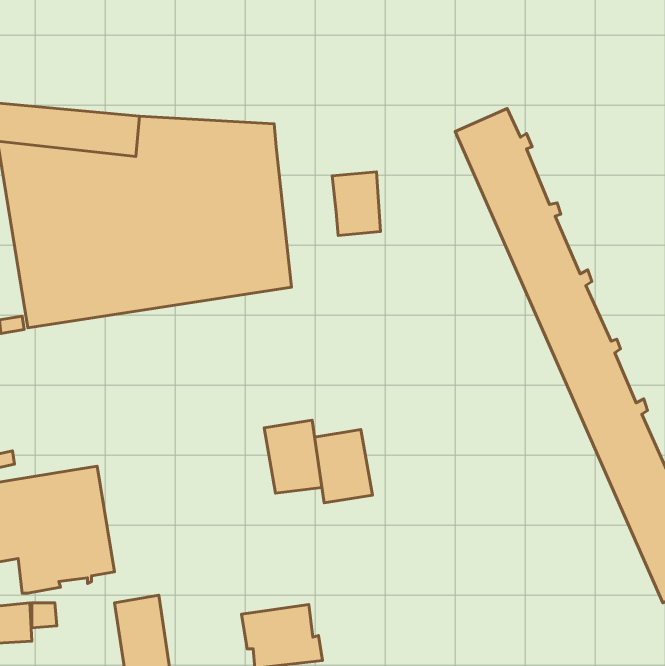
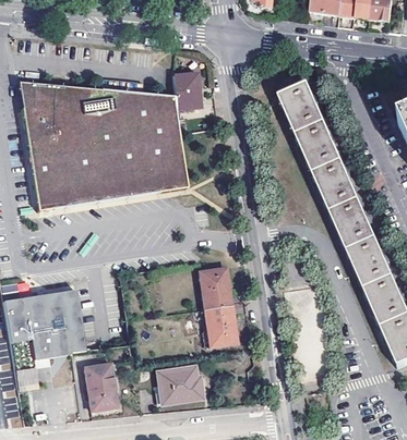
building: [332,172,380,235] -> [173,71,201,107]
building: [264,420,322,493] -> [204,304,237,345]

